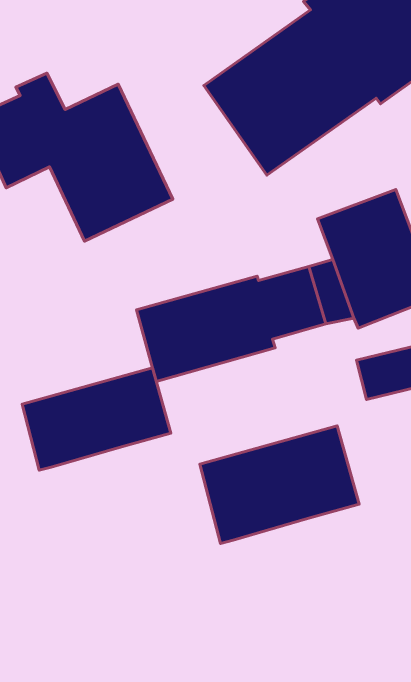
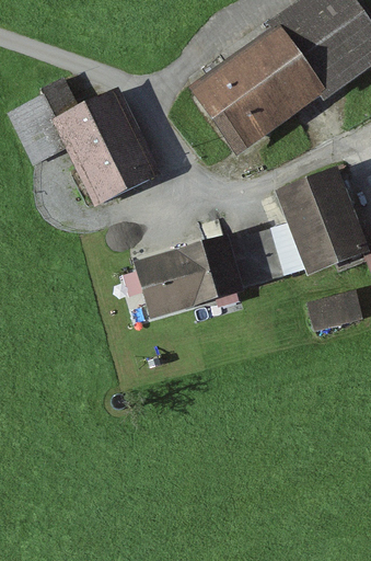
building: [22,368,171,470] -> none
building: [200,426,359,543] -> none

